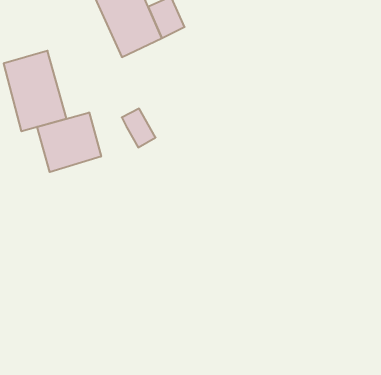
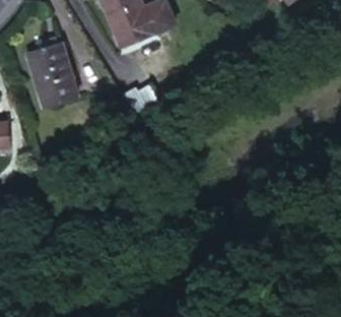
building: [37,112,101,172] -> none

